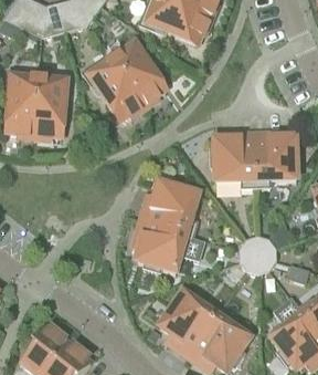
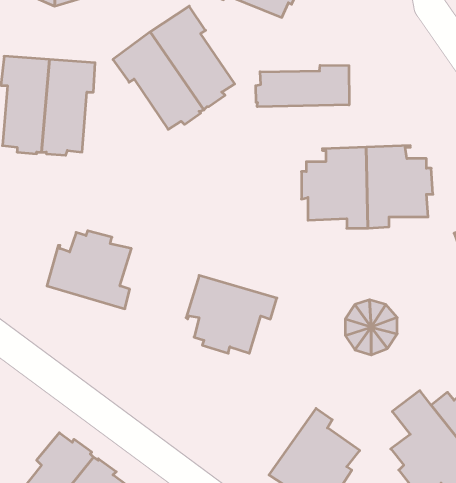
building: none -> [256,65,349,107]
building: [140,180,198,233] -> [47,231,131,309]
building: [160,291,220,354] -> none

